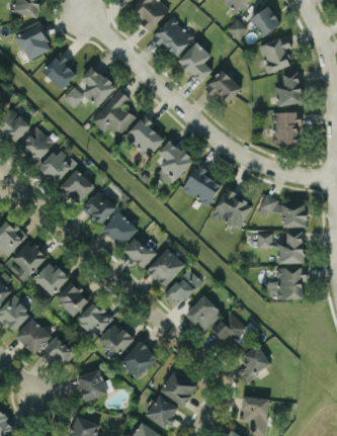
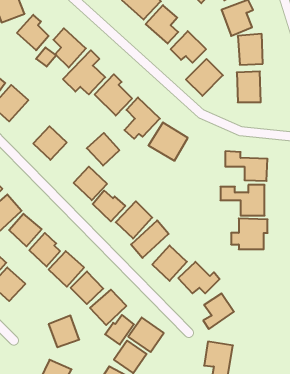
building: none -> [186,59,223,96]
building: [39,147,76,183] -> none
building: [210,188,253,230] -> none
building: [82,190,116,225] -> [87,133,119,166]
building: [46,335,77,366] -> none
building: none -> [105,315,134,345]

